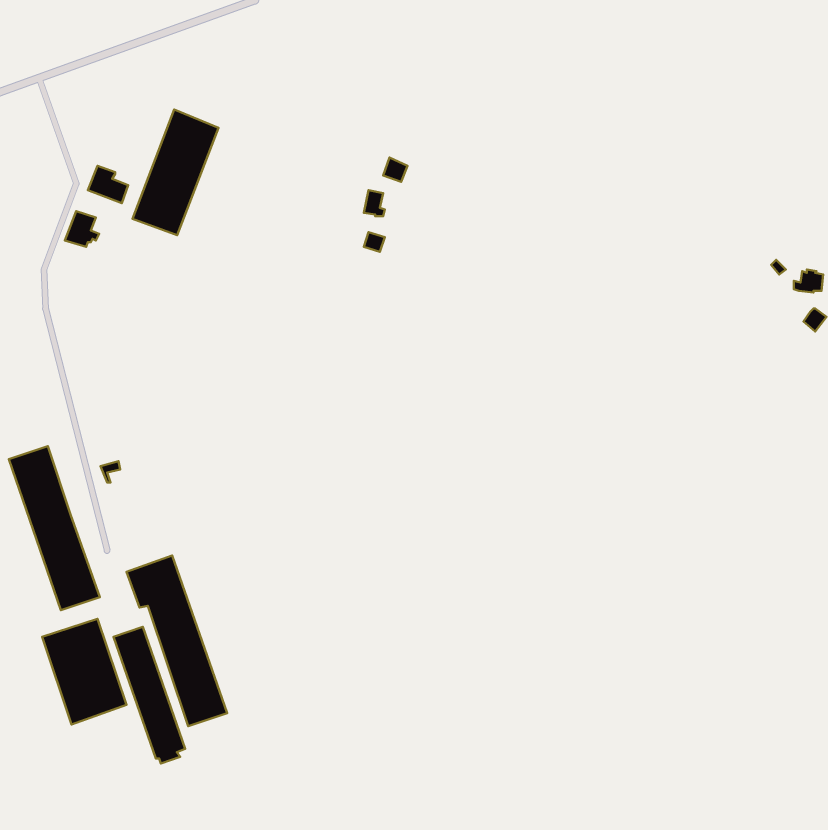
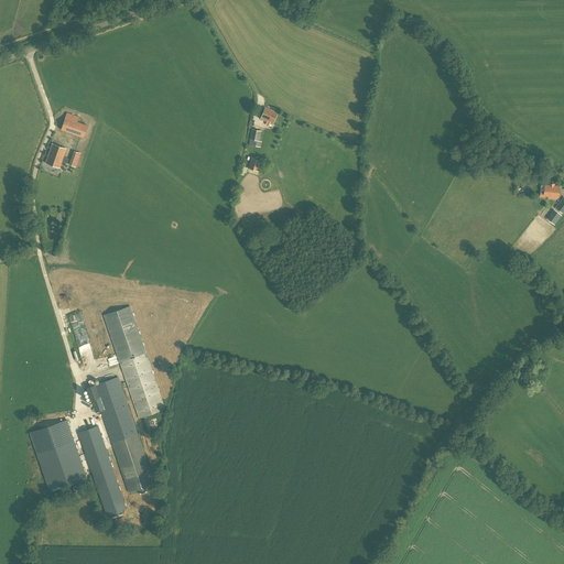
building: [132,110,219,235] -> none
building: [9,446,100,610] -> [102,306,164,417]

